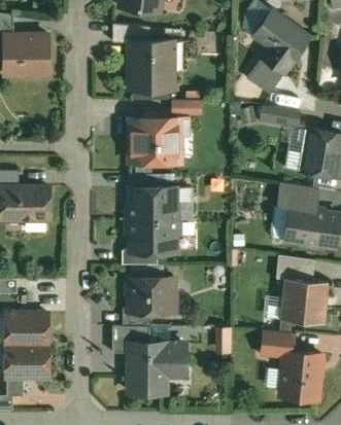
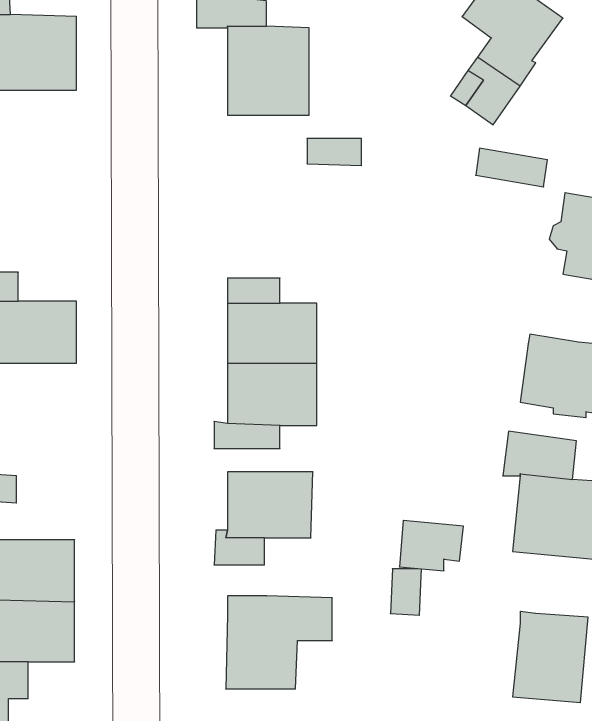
building: [130,112,189,162] -> none
building: [279,182,318,209] -> none
building: [113,326,150,353] -> none
building: [262,330,296,357] -> [399,520,463,571]

